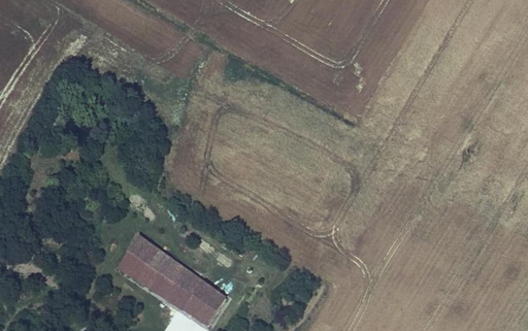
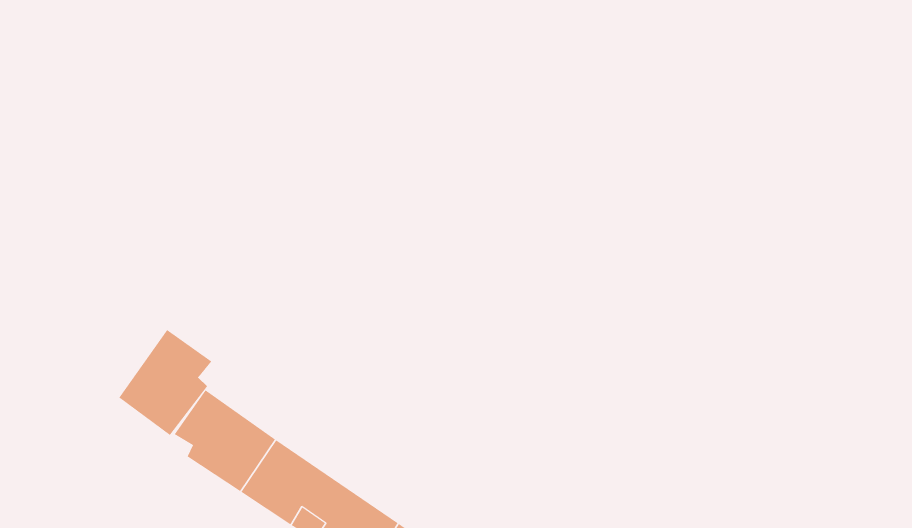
building: none -> [119,329,212,436]

